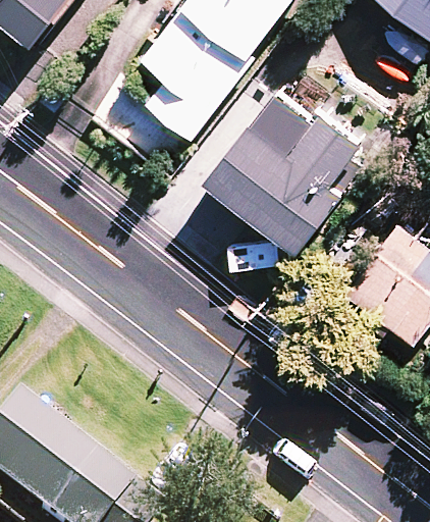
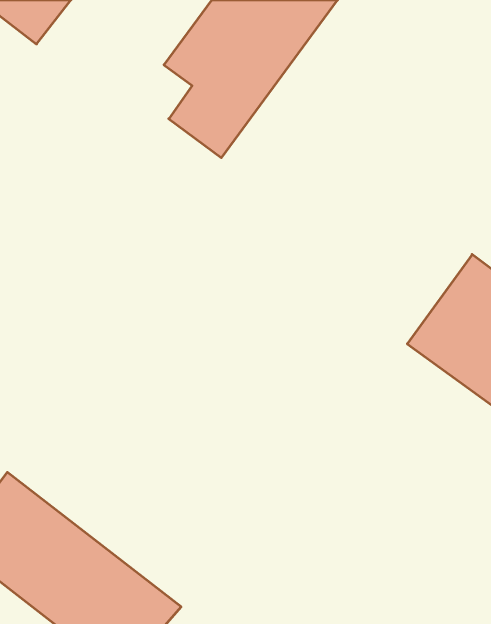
building: [211,71,380,243] -> none

